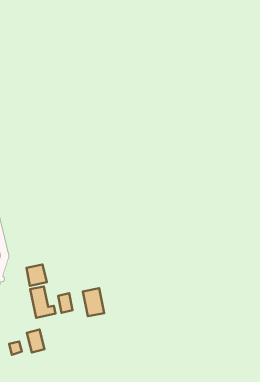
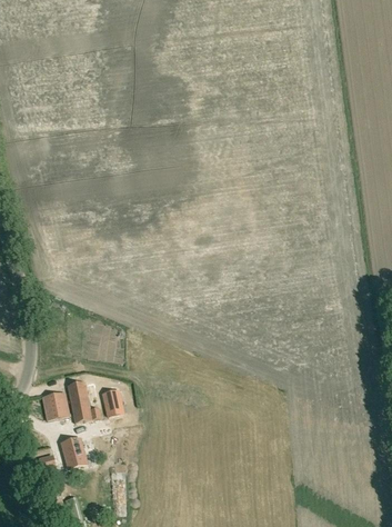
building: [26,265,47,286] -> [42,391,69,419]
building: [83,288,104,316] -> none

